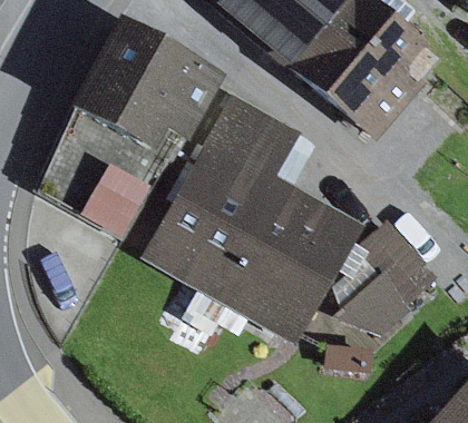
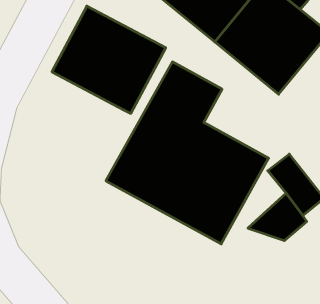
building: [39,109,168,239] -> none

